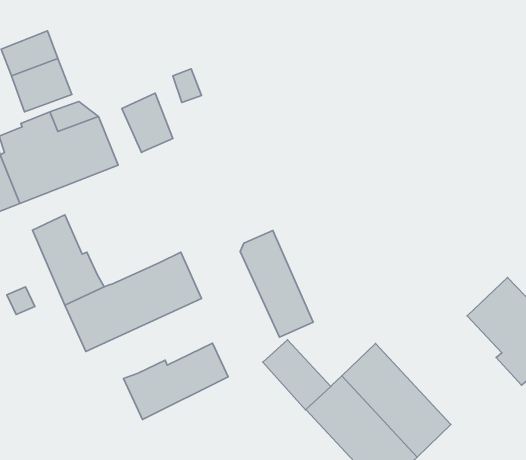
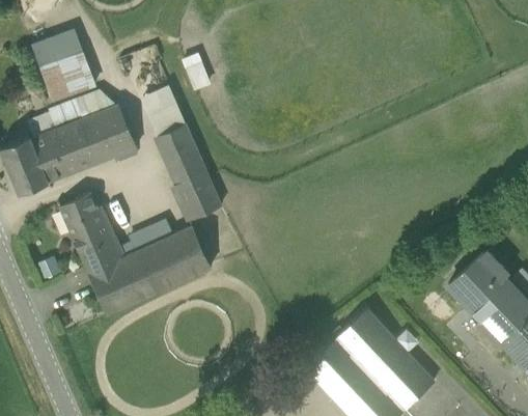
building: [240,231,313,337] -> [157,126,222,221]
building: none -> [118,219,174,258]
building: [263,340,331,410] -> none
building: [123,343,228,420] -> none

